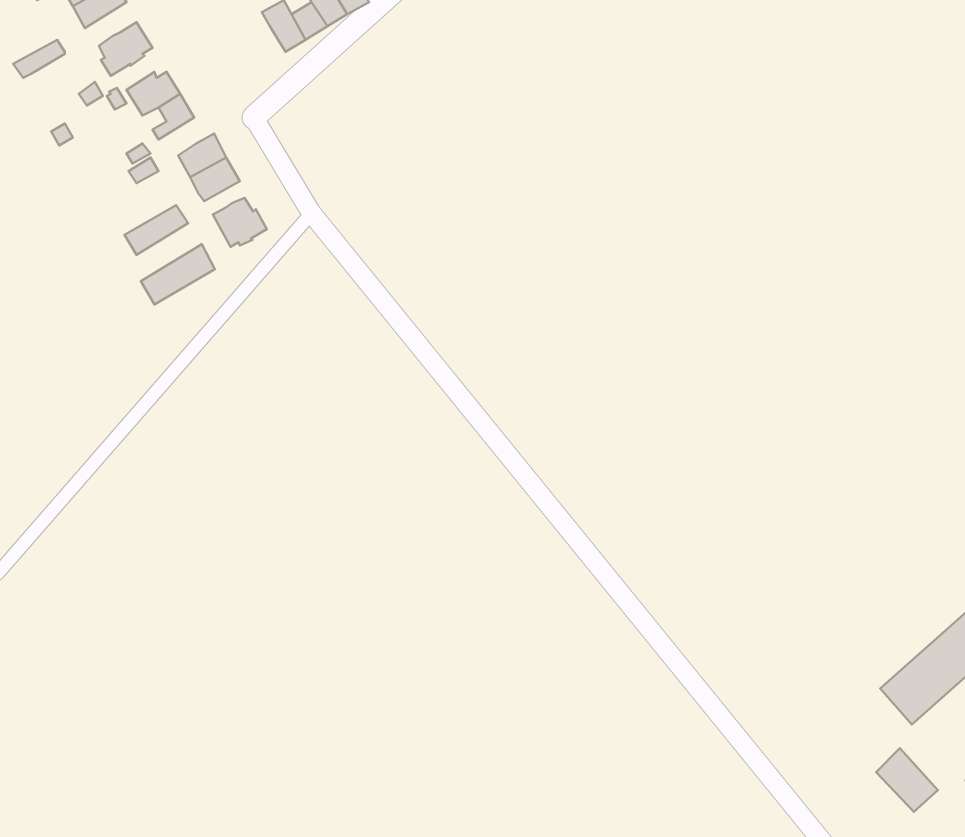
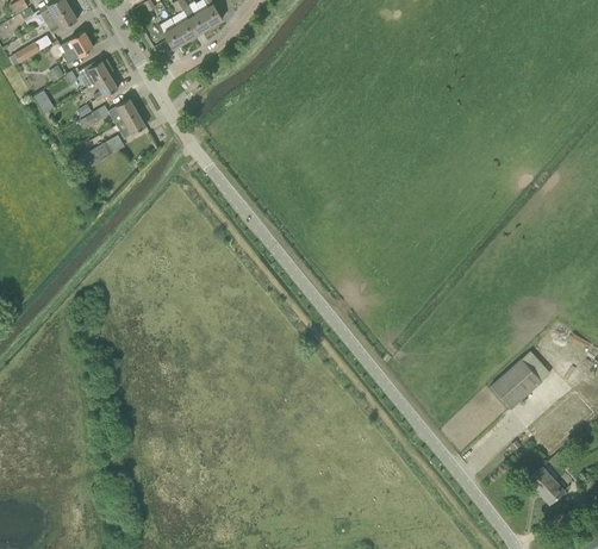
building: [213,198,267,247] -> none
building: [141,244,215,305] -> none
building: none -> [491,350,552,408]

